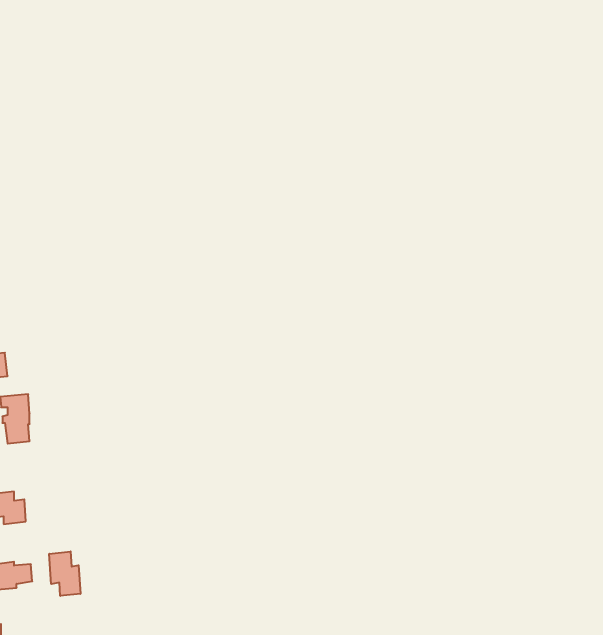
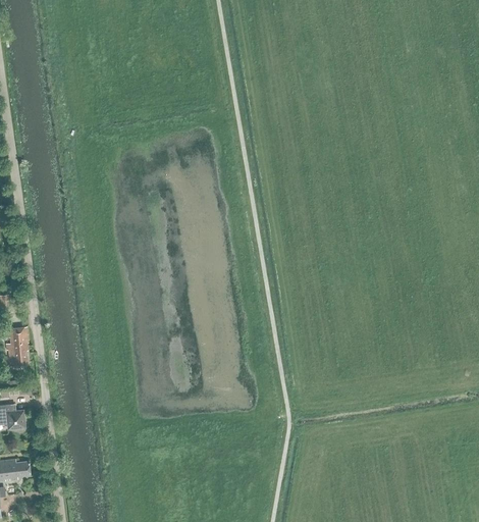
building: [49,551,80,596] -> none

